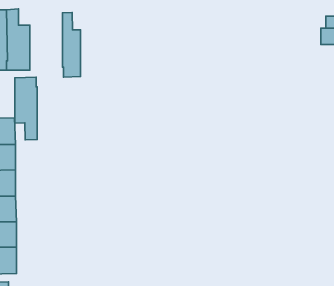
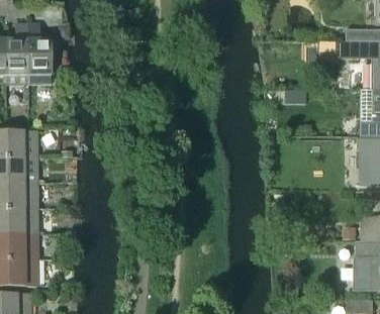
building: [63,12,81,77] -> none
building: [15,77,37,140] -> none

